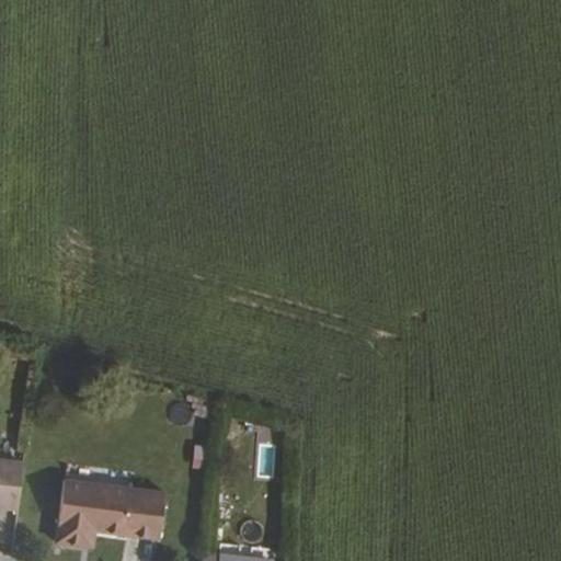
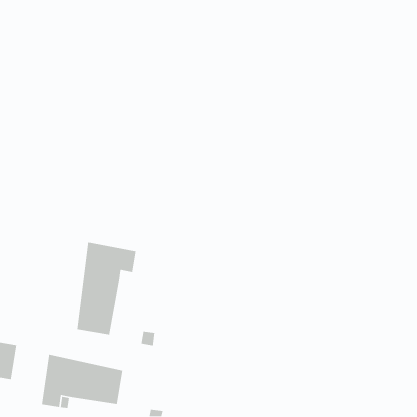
building: none -> [77,242,136,335]

